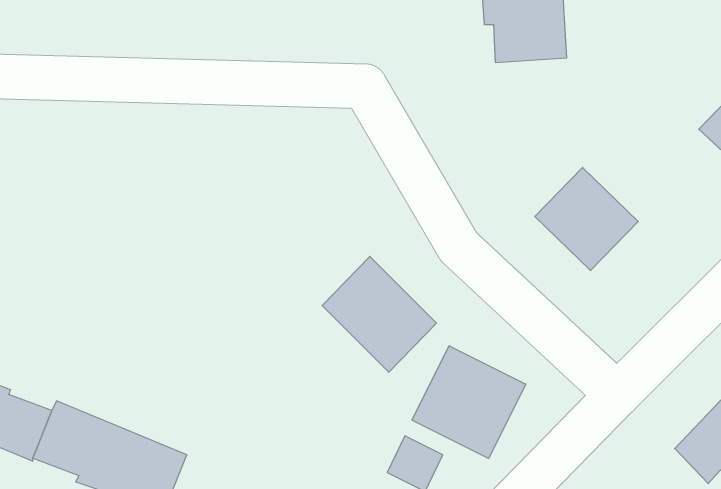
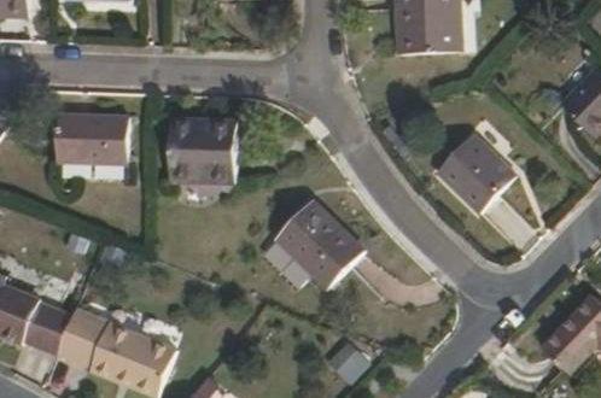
building: none -> [57,115,129,162]
building: none -> [170,118,238,182]
building: [412,346,526,458] -> none

